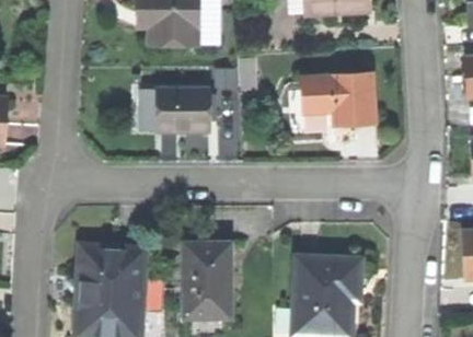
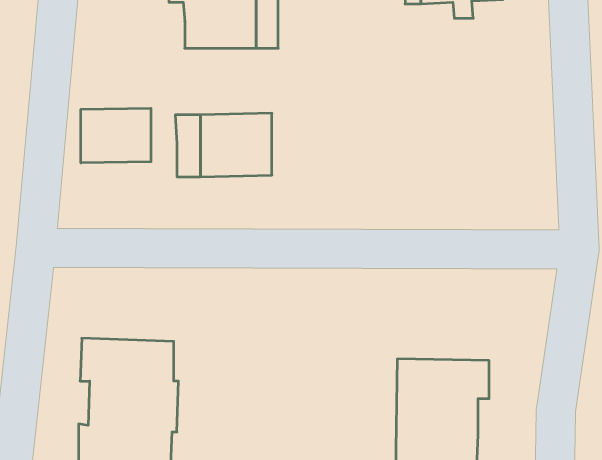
building: [303,73,376,126] -> none
building: none -> [81,108,151,163]
building: [185,244,231,318] -> none

